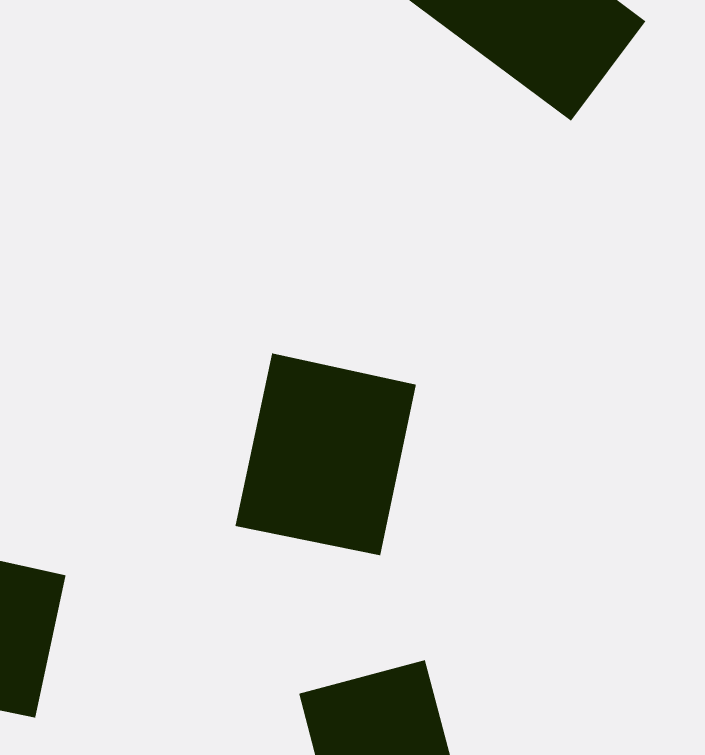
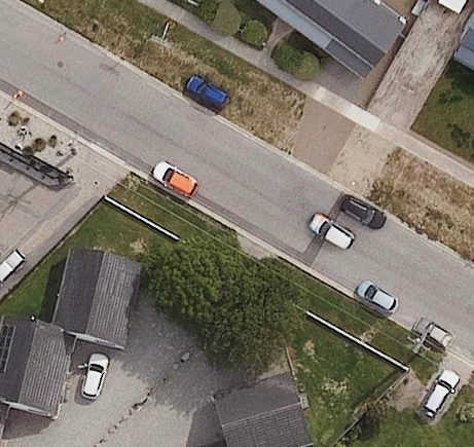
building: [234,352,417,556] -> none
building: none -> [50,249,144,347]

